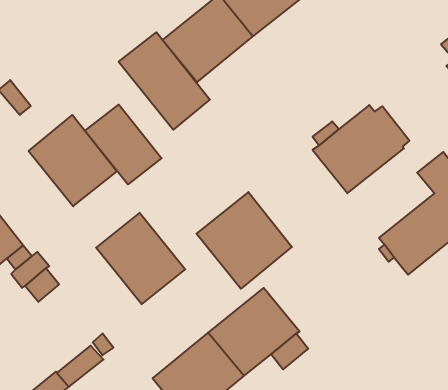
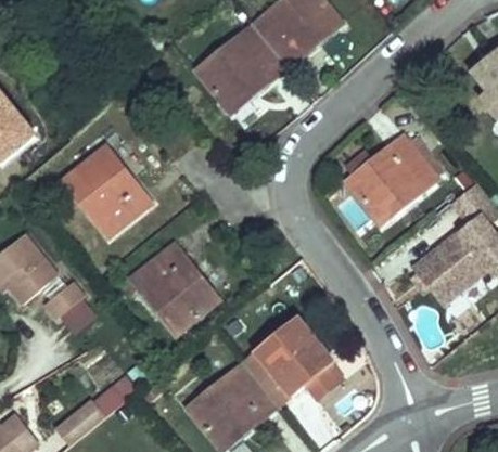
building: [119,32,210,130] -> none
building: [85,105,162,184] -> none
building: [196,192,292,289] -> none

